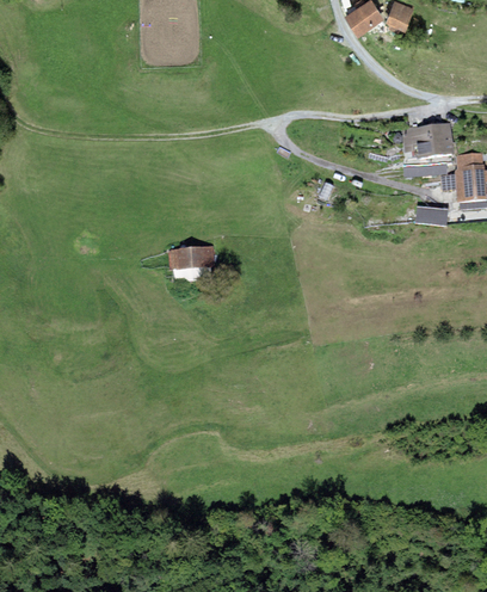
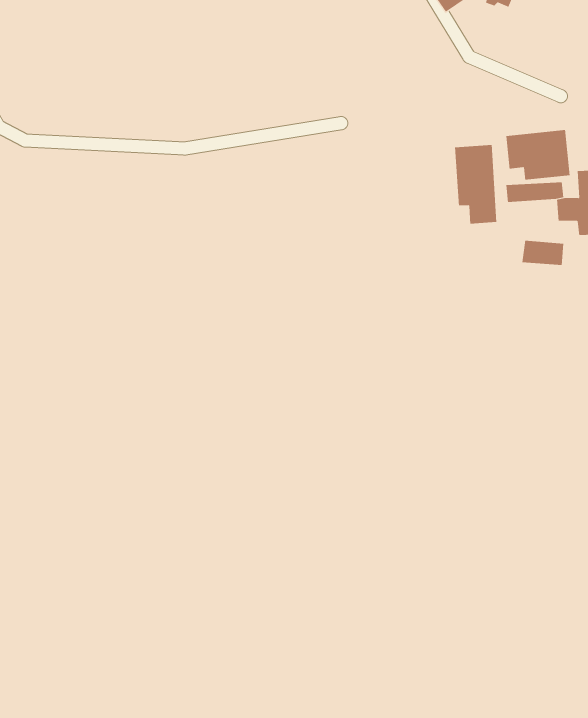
building: none -> [455,144,497,224]
building: [169,246,214,270] -> none

